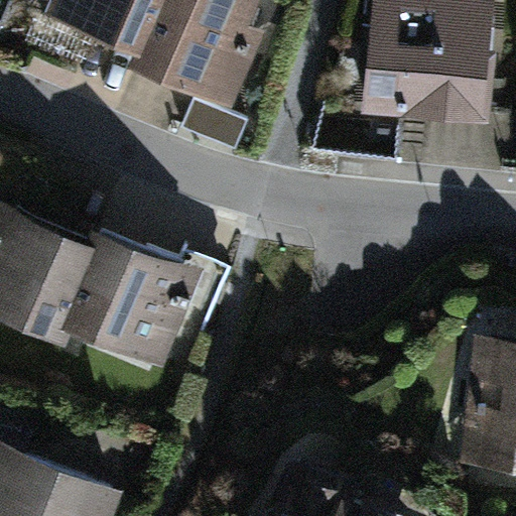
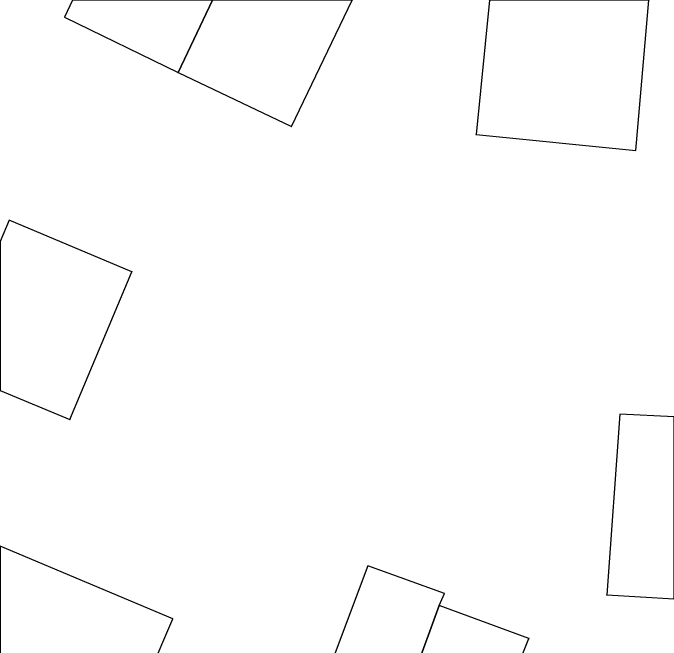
building: [53,224,194,376] -> none

